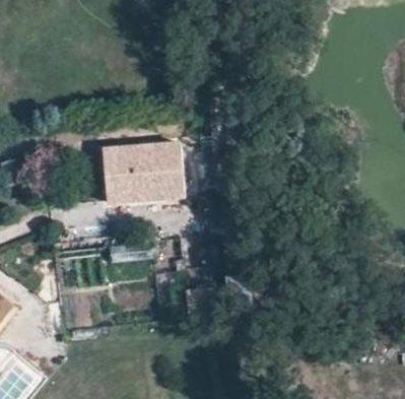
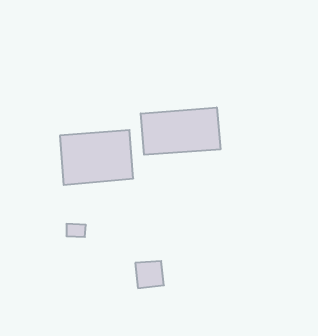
building: none -> [141,107,220,155]

